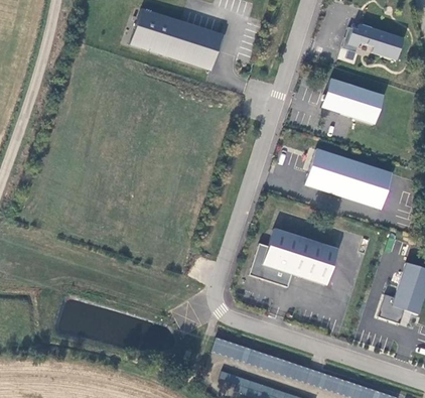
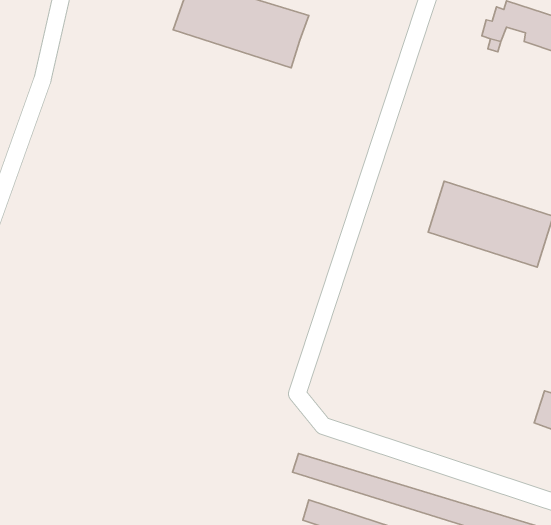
building: [321,79,383,124] -> none
building: [250,230,337,287] -> none

